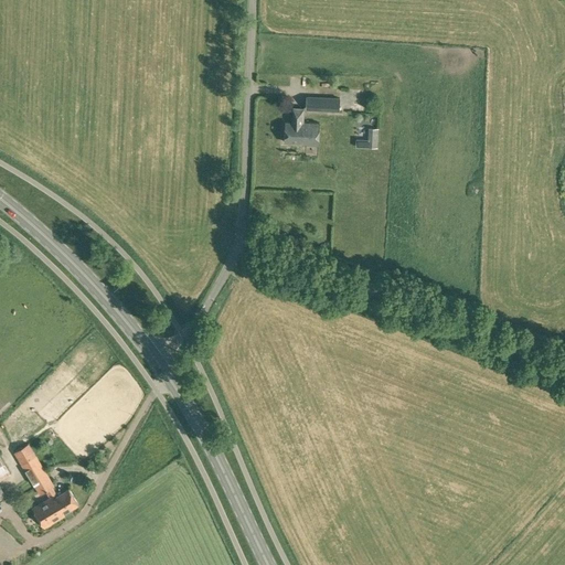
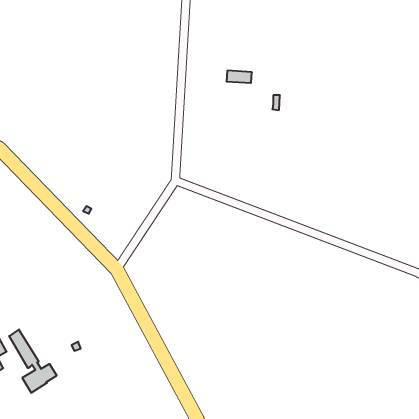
building: [282,108,317,145] -> none

